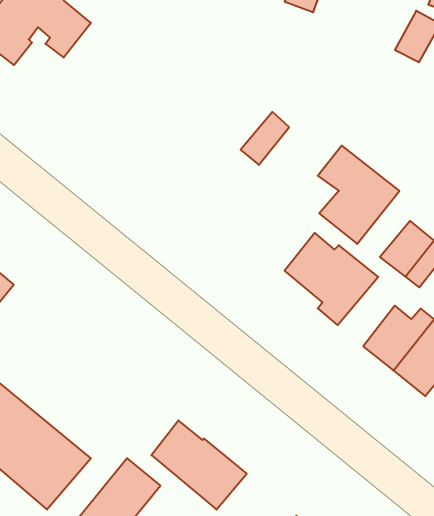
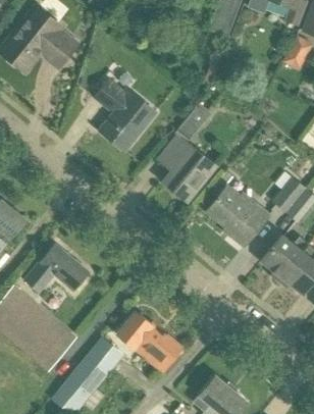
building: none -> [94,79,155,151]
building: [318,146,399,244] -> [161,135,216,201]
building: none -> [23,244,89,293]

